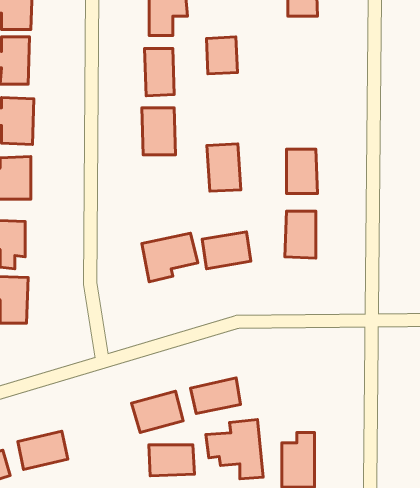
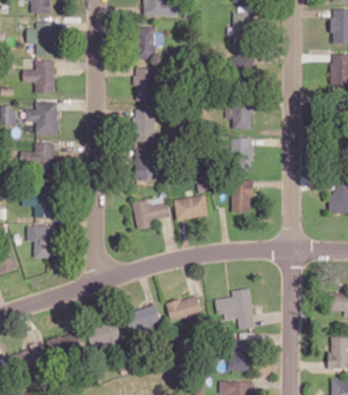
building: [206,37,237,74] -> [233,56,254,81]
building: none -> [225,104,252,129]
building: [207,144,241,191] -> [135,148,159,180]
building: [206,420,263,479] -> [215,288,254,329]
building: [149,445,194,476] -> [89,325,120,346]

